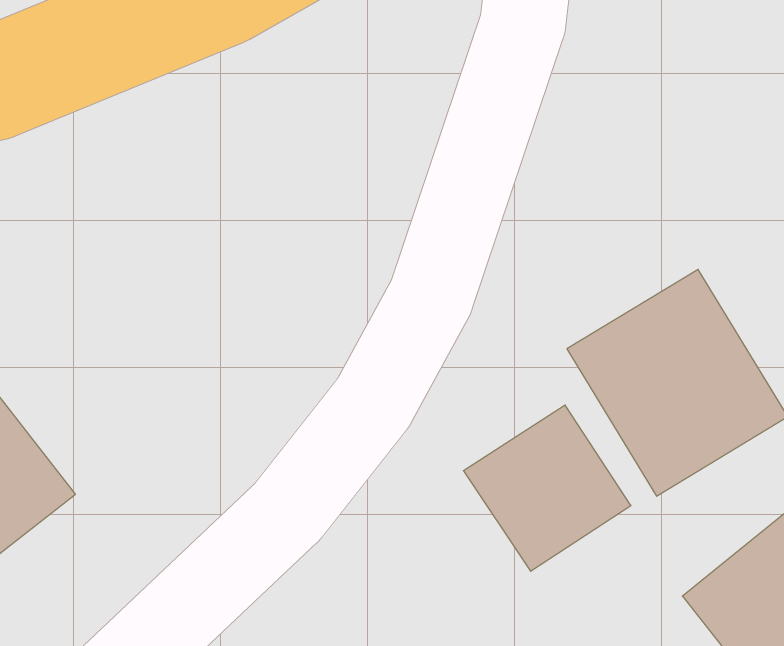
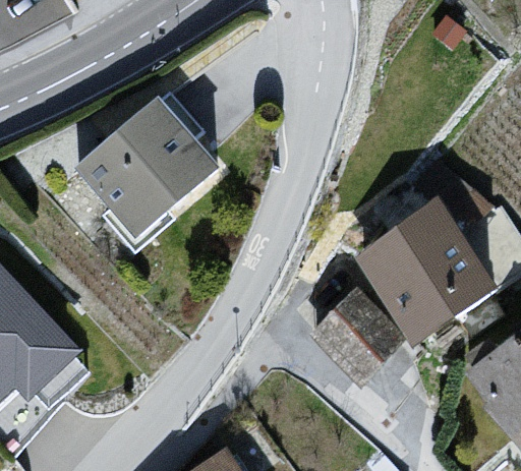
building: none -> [77,99,230,249]

